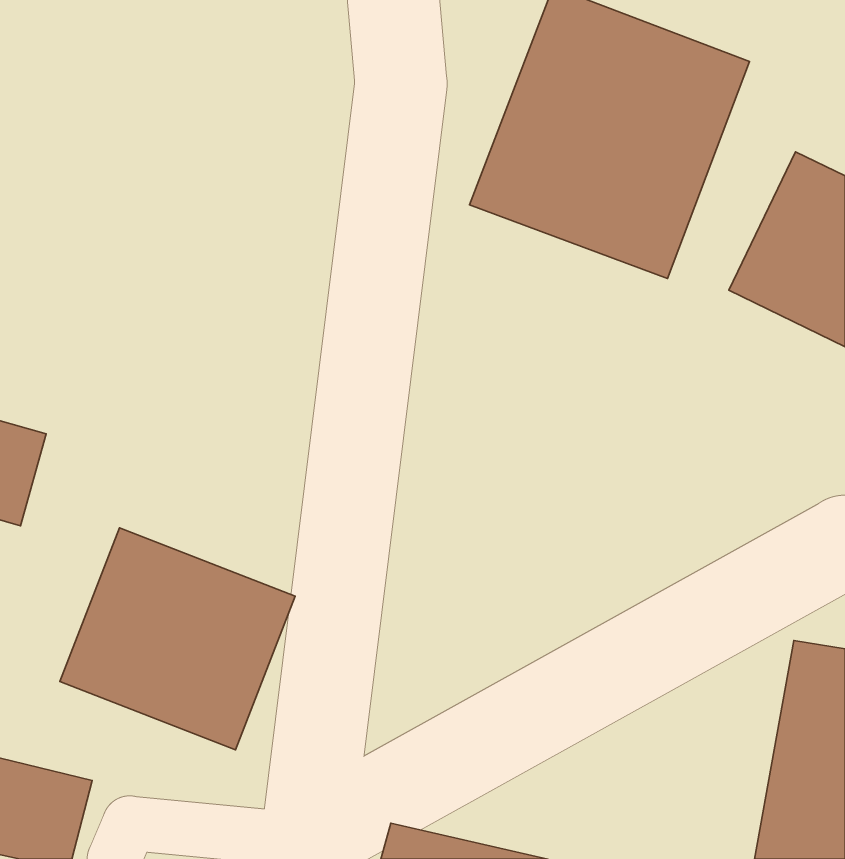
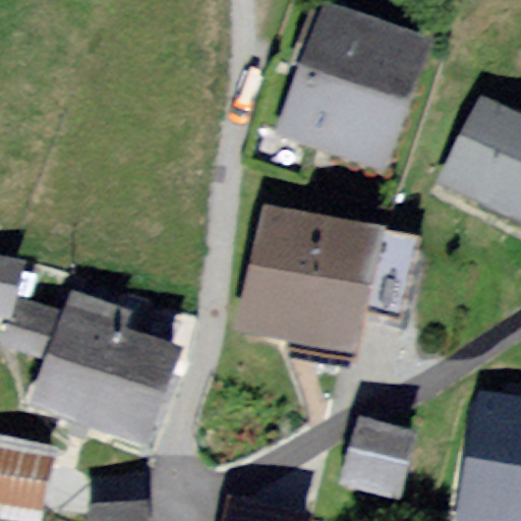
building: none -> [260,216,400,354]
building: none -> [349,418,433,502]

